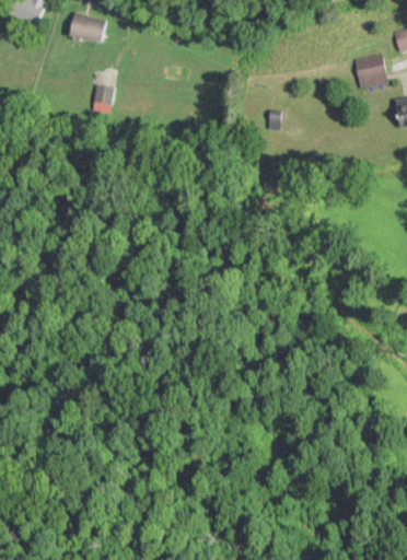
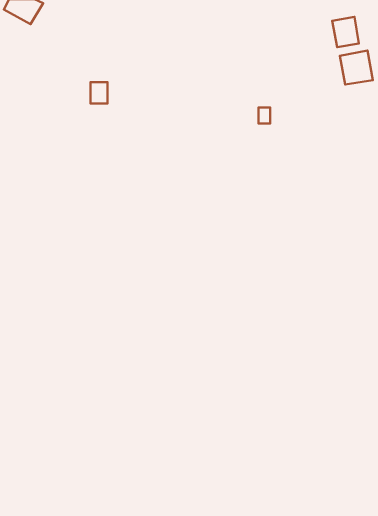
building: [66,10,106,45] -> none
building: none -> [332,17,359,47]

